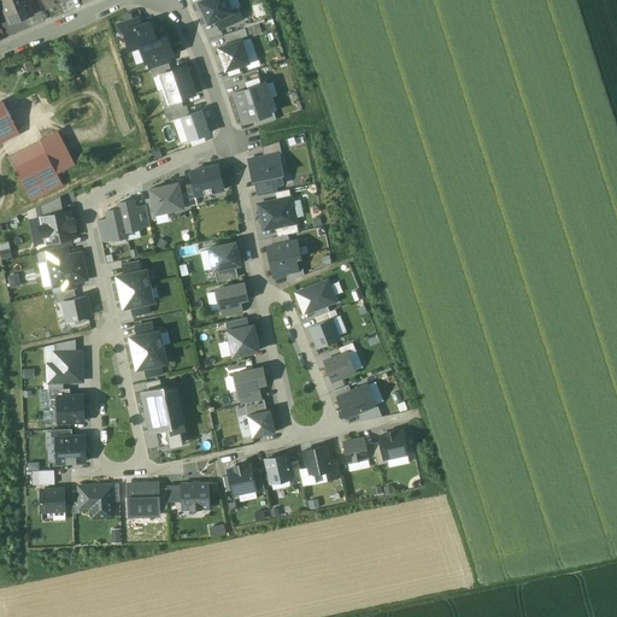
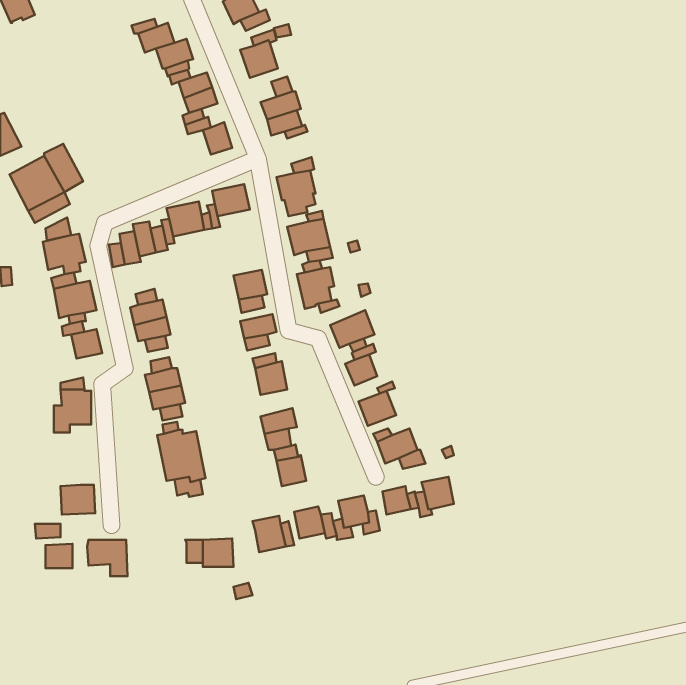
building: [51,395,84,422] -> none
building: [128,482,159,515] -> none

